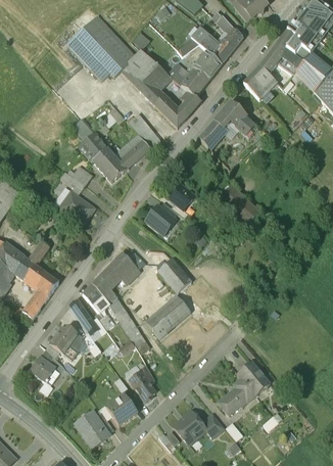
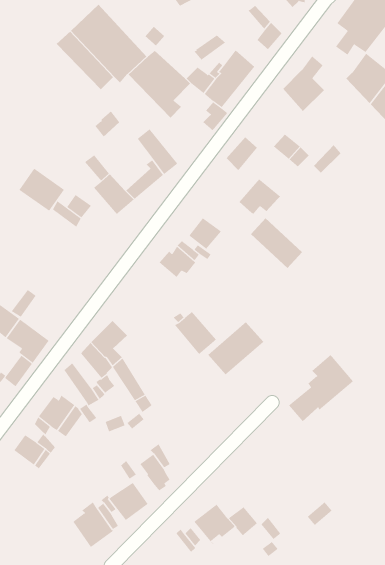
building: [190,30,232,64] -> none
building: [267,30,310,68] -> none
building: [154,96,188,128] -> none
building: [213,101,247,130] -> [238,179,281,215]
building: [58,190,95,225] -> [19,168,65,212]
building: [108,249,144,282] -> none
building: [145,294,190,337] -> [207,321,264,375]
building: [218,361,270,415] -> [288,354,354,422]

